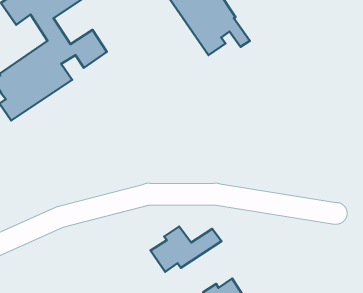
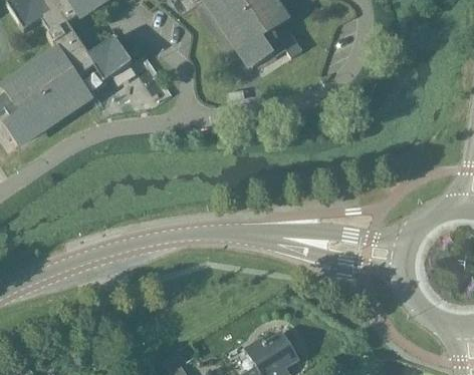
building: [151,227,222,272] -> none

